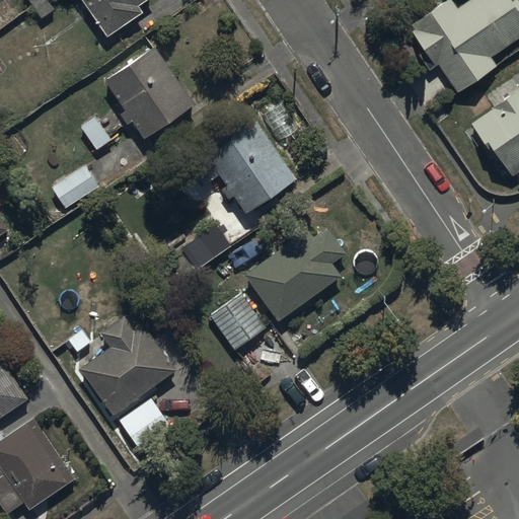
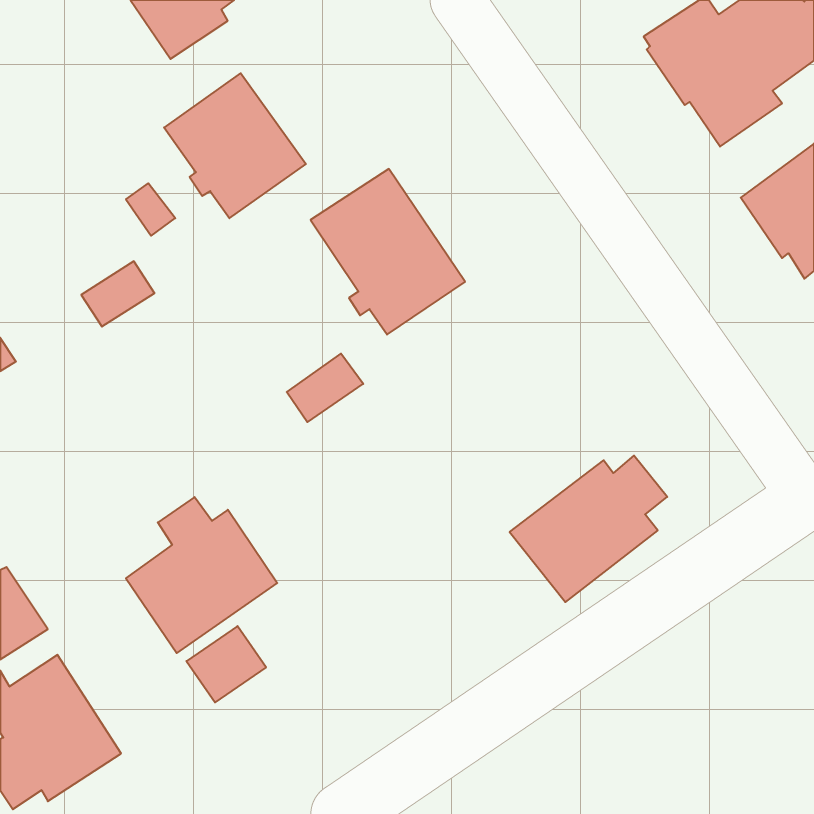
building: [246,228,347,321] -> [510,456,667,602]
building: [211,294,267,351] -> none

